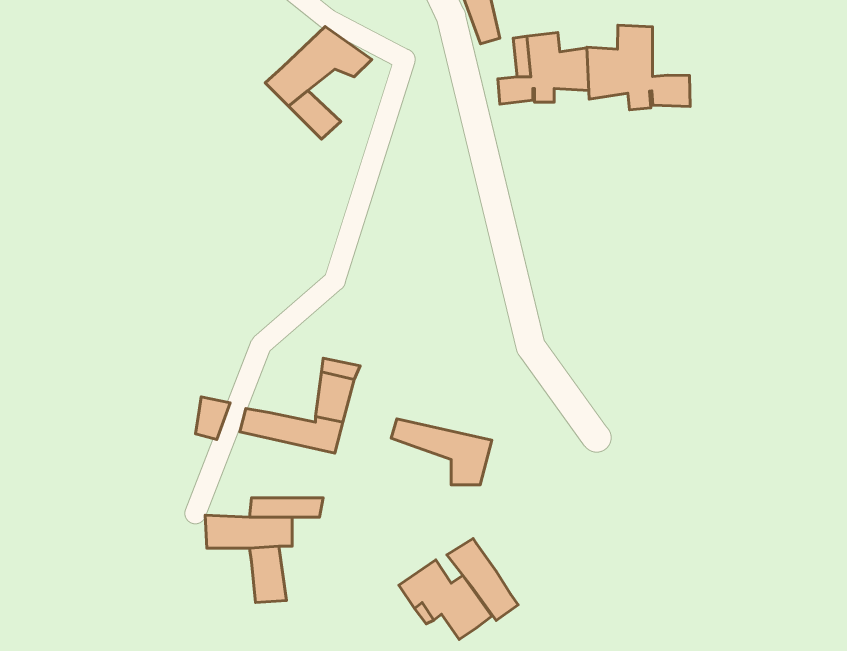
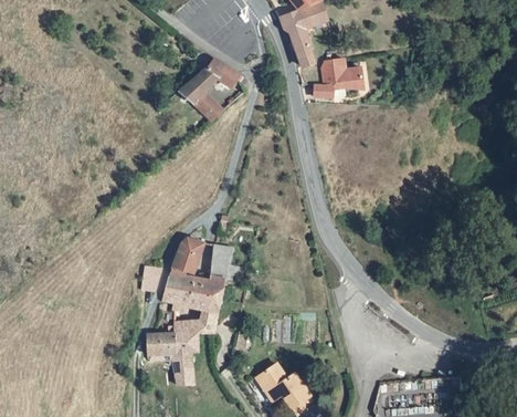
building: [587,25,690,110] -> none
building: none -> [169,238,202,275]
building: [391,419,492,485] -> [162,286,220,324]
building: [447,539,518,621] -> none

